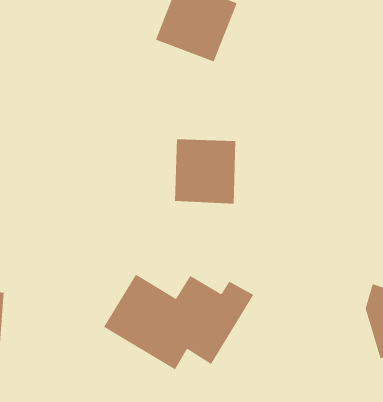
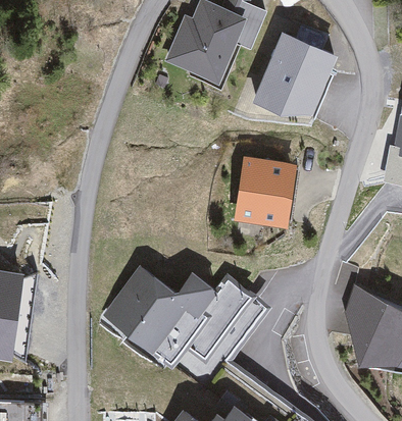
building: none -> [254,34,330,109]
building: [174,139,236,204] -> [242,163,302,226]

